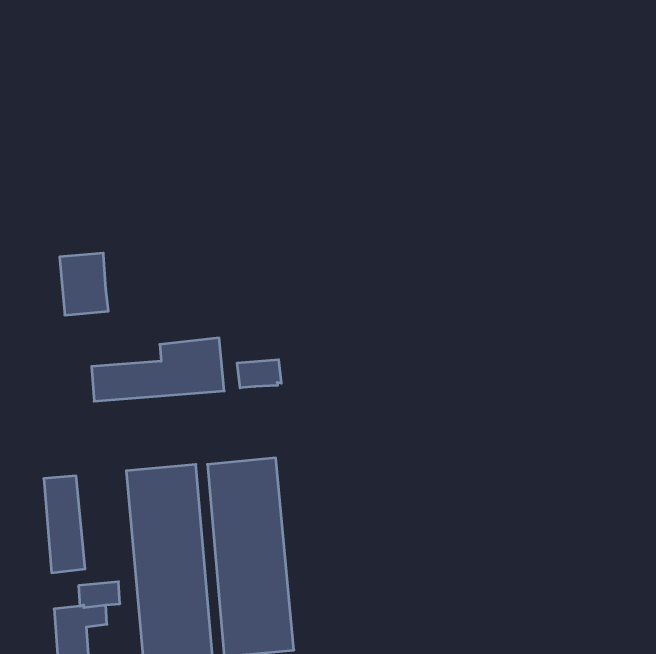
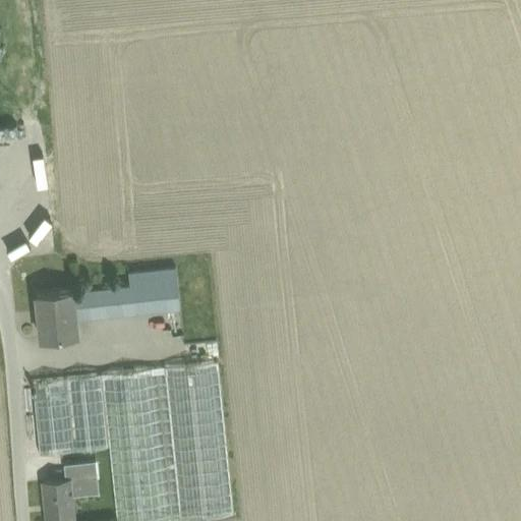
building: [60,253,108,315] -> [38,292,76,341]
building: [237,360,281,388] -> none
building: none -> [64,377,98,453]

